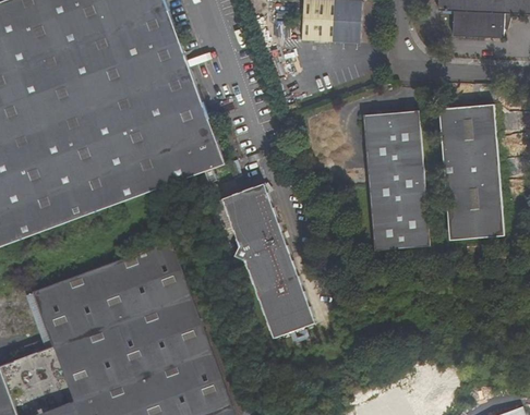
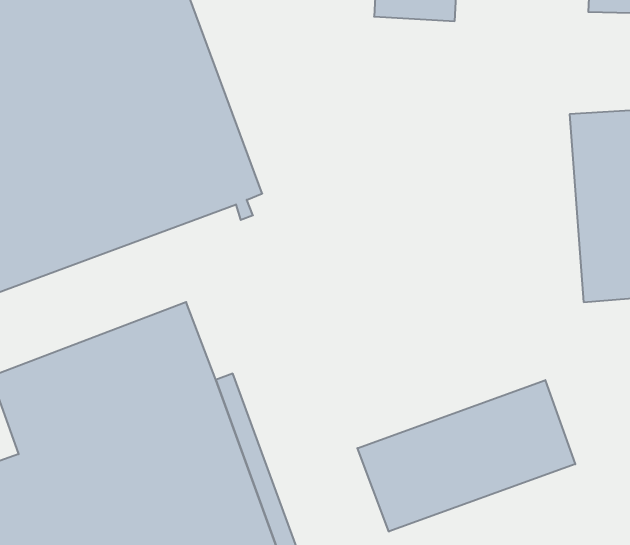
building: [363,112,430,251] -> none
building: [222,185,314,339] -> none
building: none -> [357,380,575,532]

